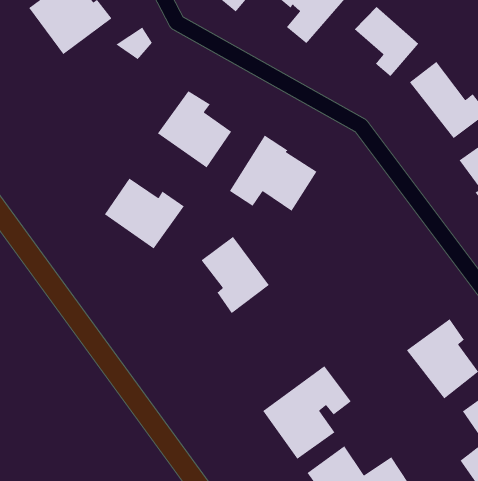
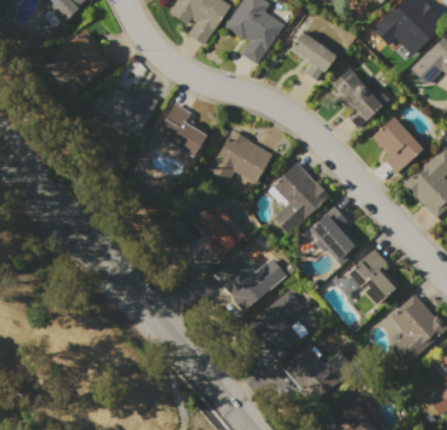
building: [104,177,185,250] -> [101,84,157,133]
building: none -> [273,162,331,236]
building: none -> [309,213,357,266]
building: none -> [214,253,286,310]

